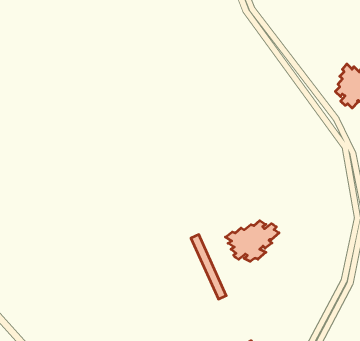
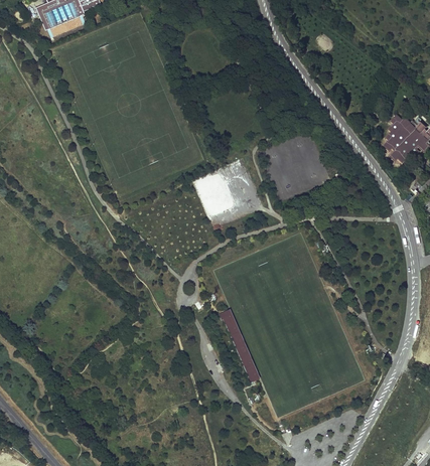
building: [225,221,279,261] -> none

